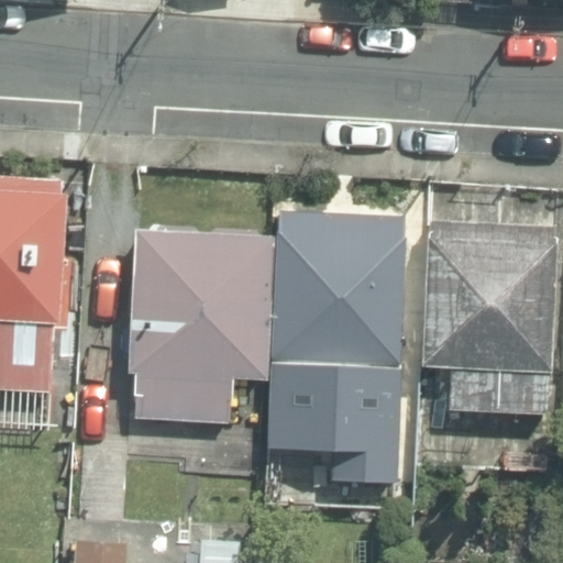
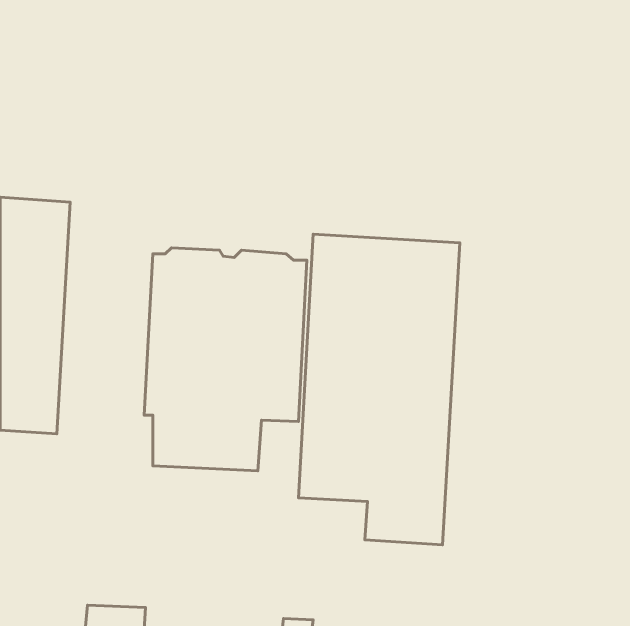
building: [422,224,555,415] -> none

